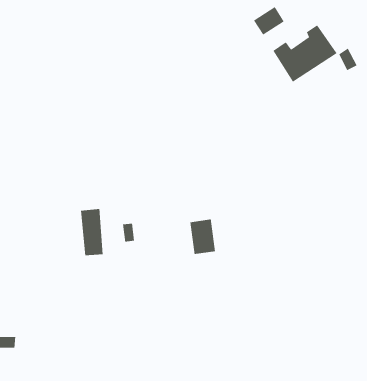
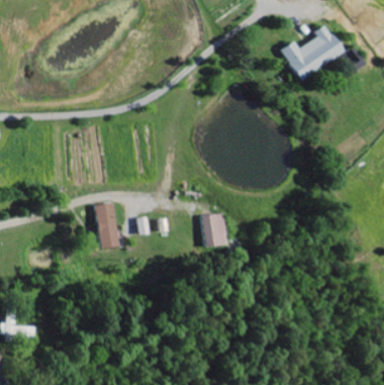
building: [253,6,284,36] -> none

